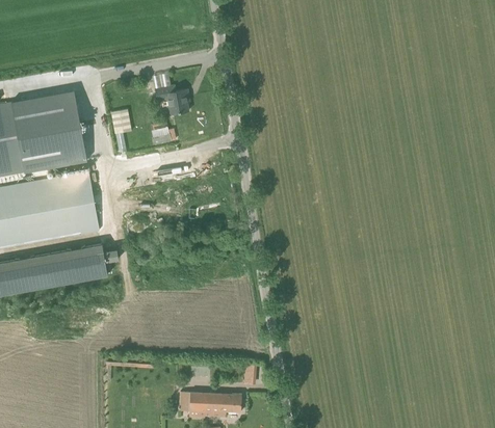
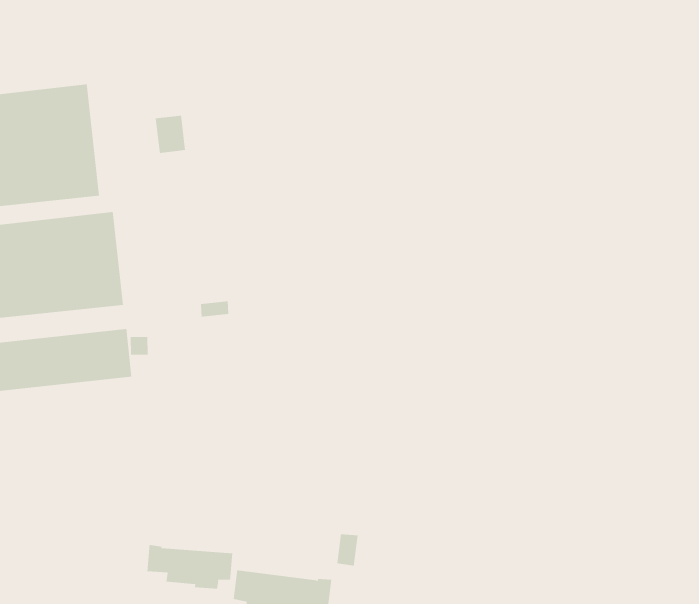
building: [155,85,188,114] -> none
building: none -> [147,544,233,589]

